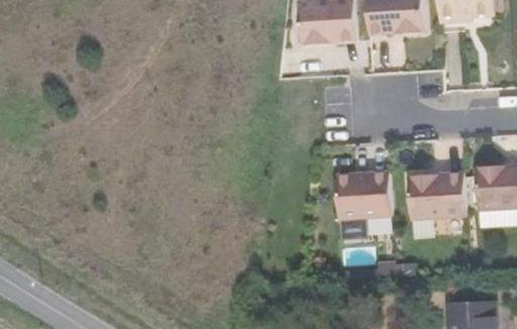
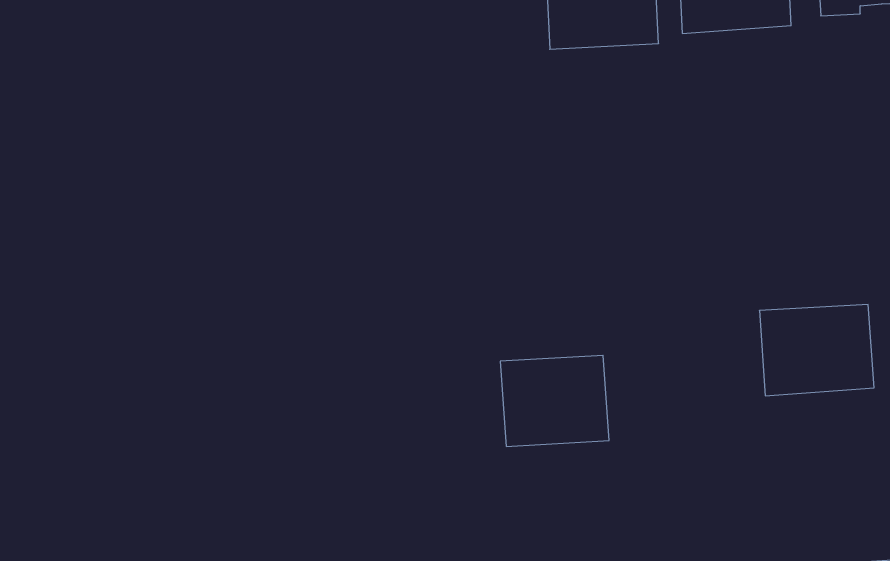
building: [335,172,391,218] -> [500,355,609,446]

